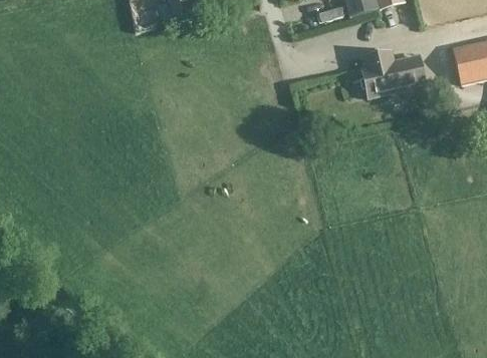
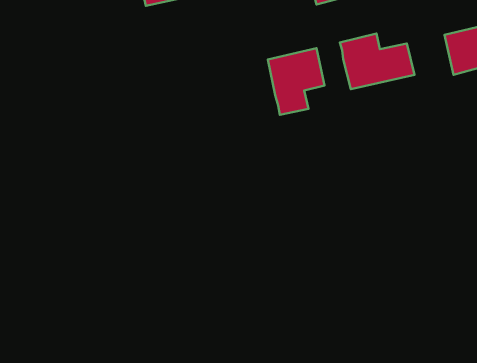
building: none -> [268,48,325,115]

